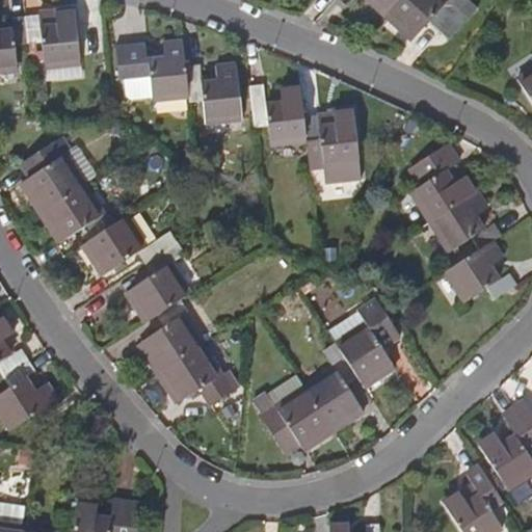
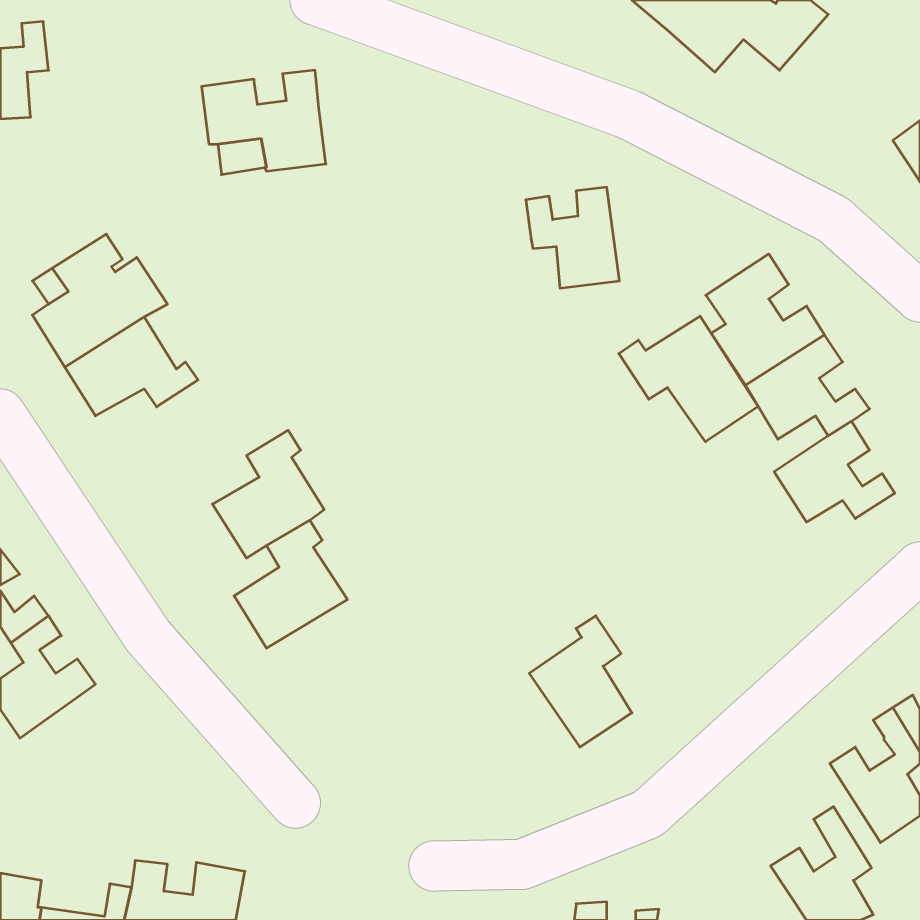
building: [25,5,78,63] -> none
building: [184,61,239,122] -> none
building: [248,83,307,143] -> none
building: none -> [619,316,758,442]
building: [78,214,166,274] -> none
building: [337,305,397,389] -> none
building: [154,346,237,407] -> none
building: [255,389,335,452] -> none

